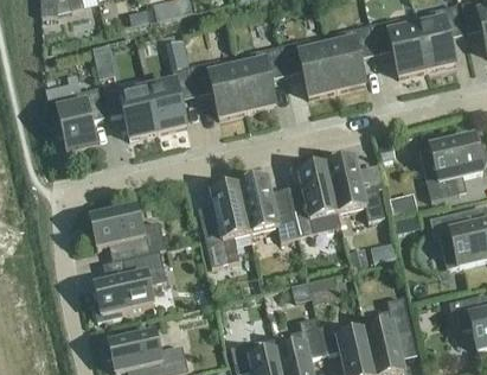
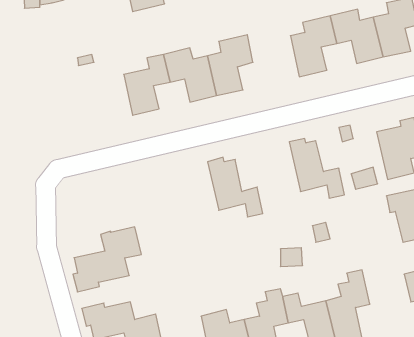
building: [281,38,337,95] -> none
building: [103,82,158,136] -> none
building: [55,87,105,152] -> none
building: [291,159,338,236] -> none
building: [204,180,250,266] -> none
building: [85,205,166,256] -> none

